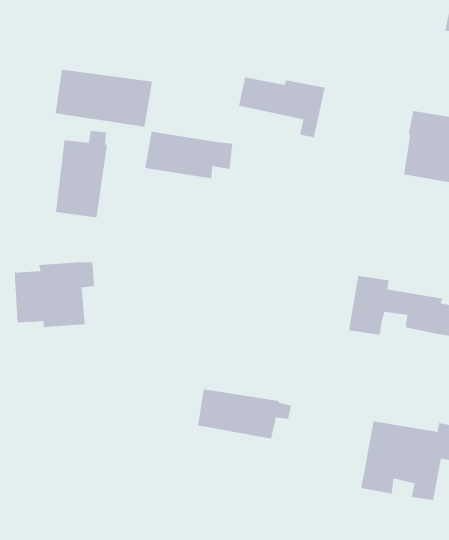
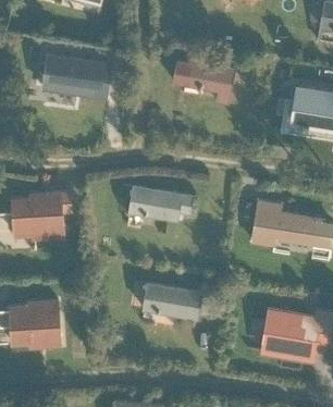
building: [55,130,107,218] -> none
building: [145,131,233,179] -> [128,187,192,221]
building: none -> [9,301,60,348]

